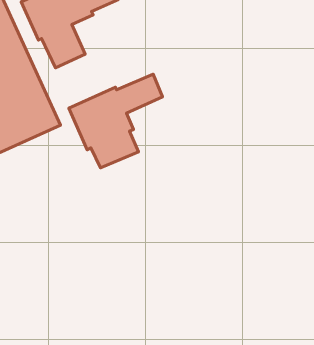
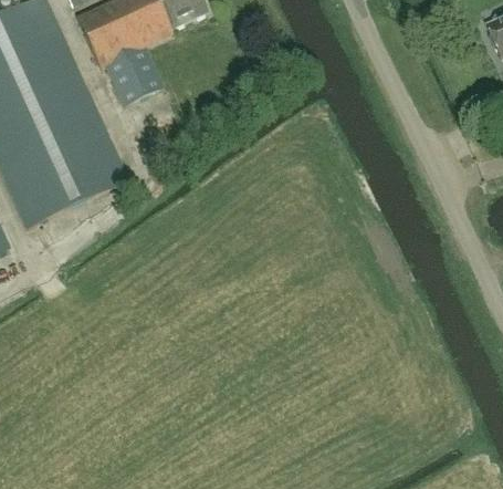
building: [69,74,162,168] -> none

